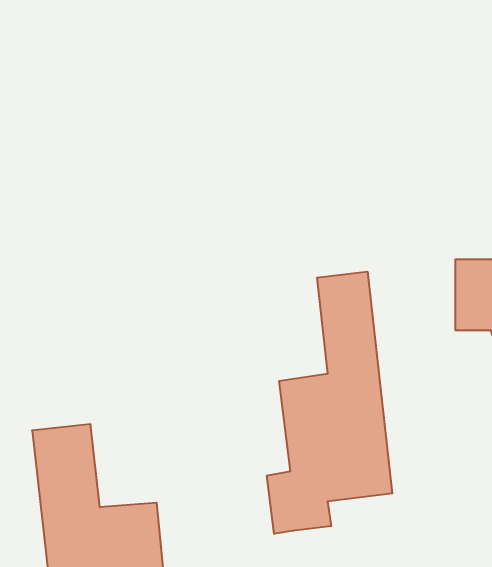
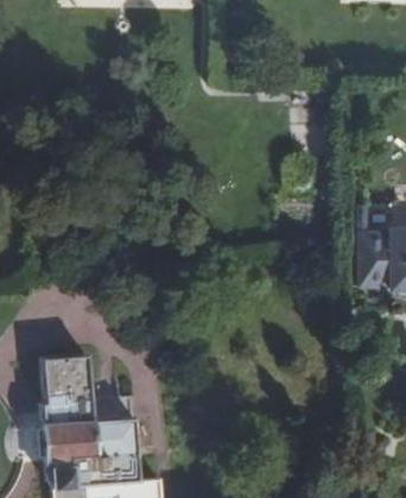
building: [267,272,392,534] -> none

